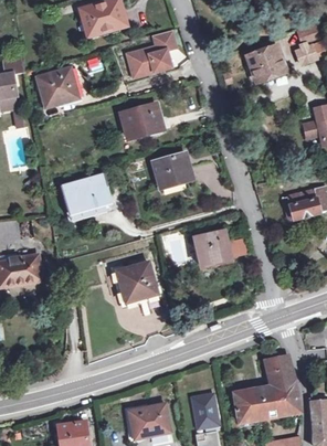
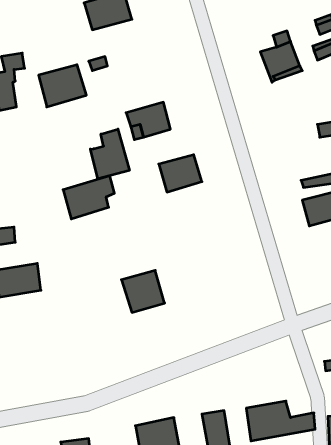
building: [129,29,177,76] -> none
building: none -> [90,129,129,179]
building: [192,230,232,265] -> none
building: [266,355,298,401] -> none

